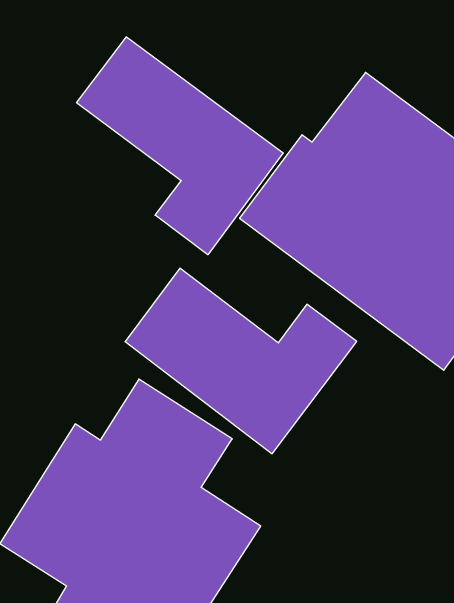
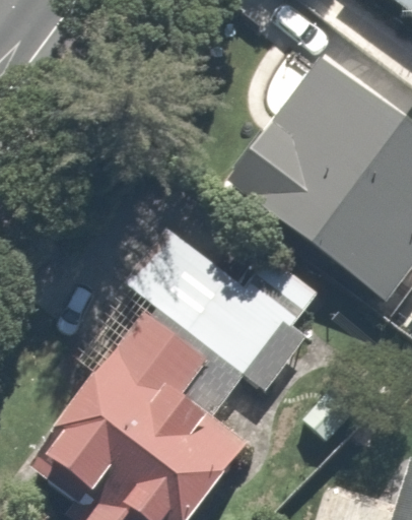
building: [77,37,283,255] -> none

